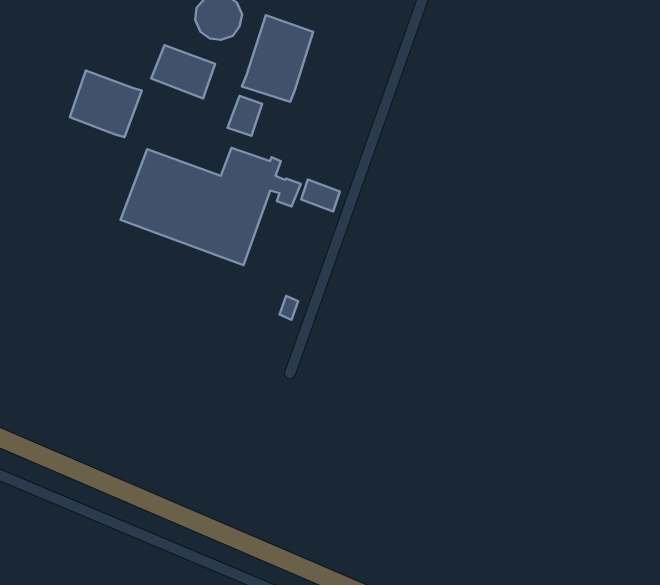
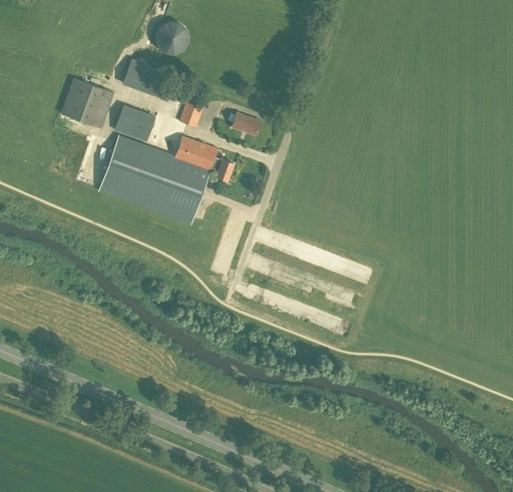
building: [242,15,313,102] -> none
building: none -> [113,105,155,142]
building: [301,179,340,211] -> [230,112,260,136]

